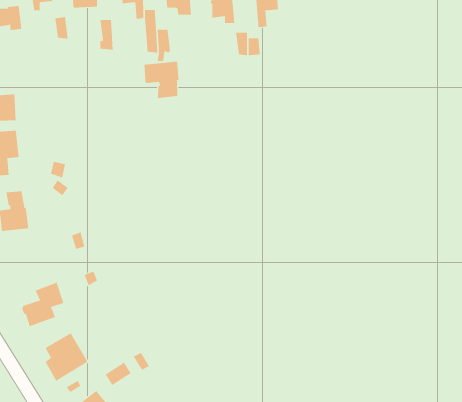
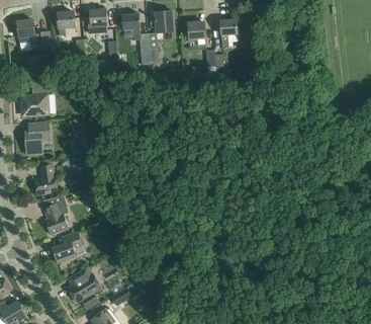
building: [144,61,179,99] -> none
building: none -> [42,194,68,234]

